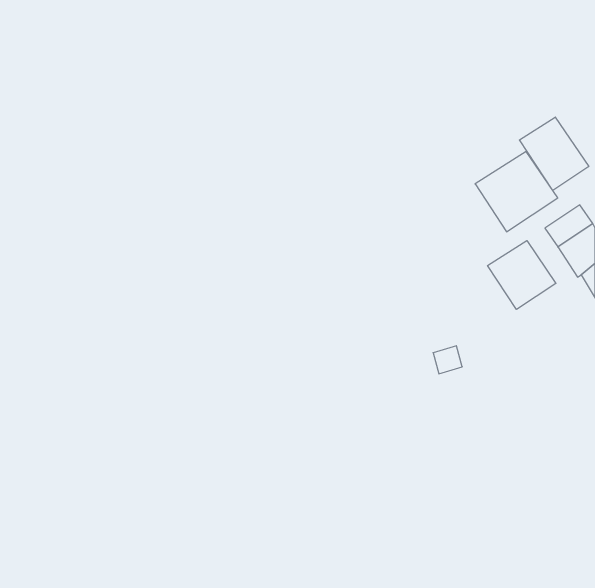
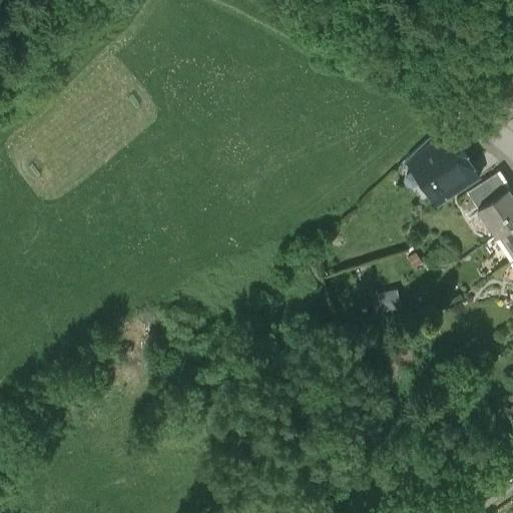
building: [519,117,589,190] -> none
building: [488,241,556,309] -> none

